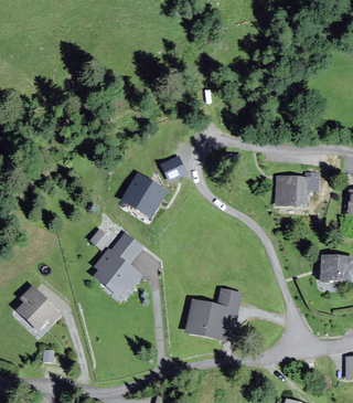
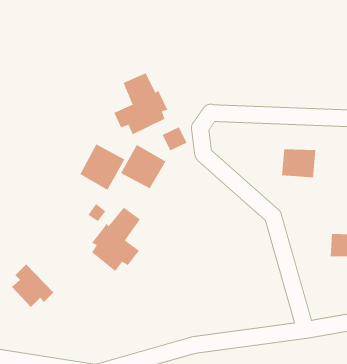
building: none -> [114,72,168,135]
building: none -> [80,143,125,191]
building: [186,288,239,338] -> none

